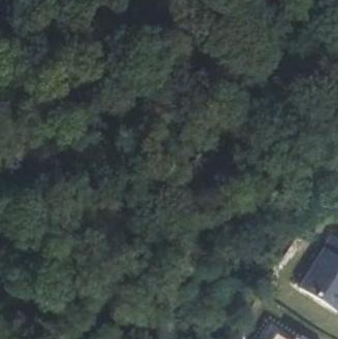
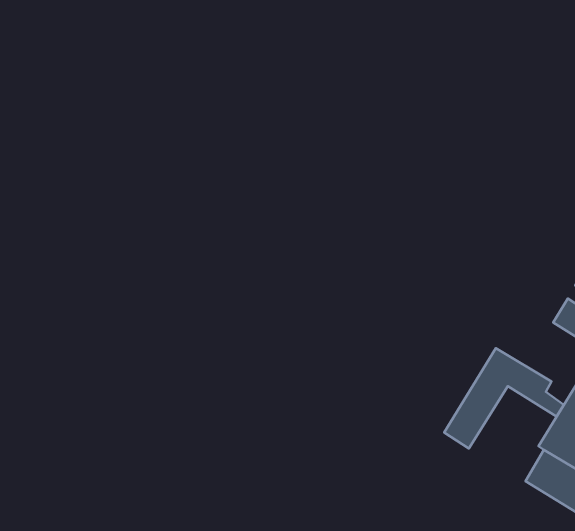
building: none -> [444,348,564,449]

